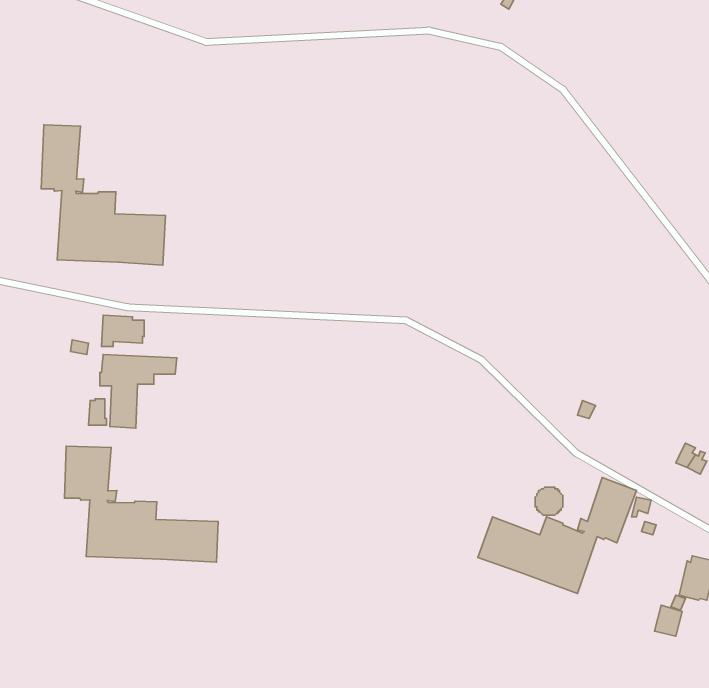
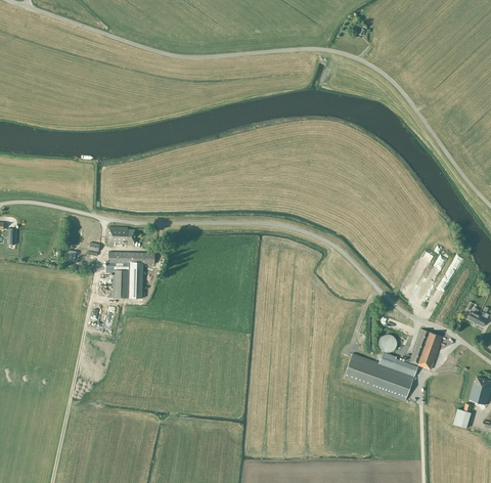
building: [41,125,165,265] -> none
building: [65,446,218,562] -> none

